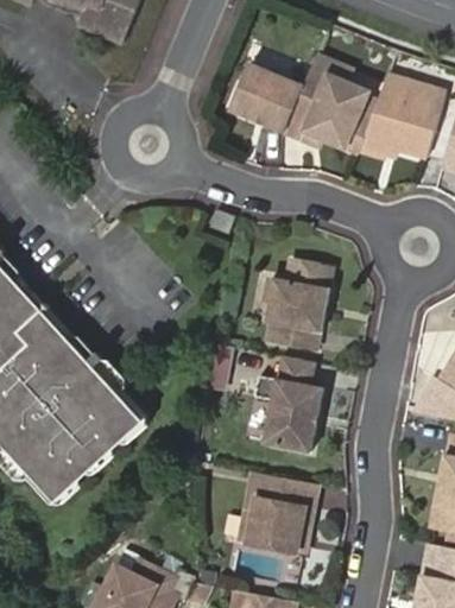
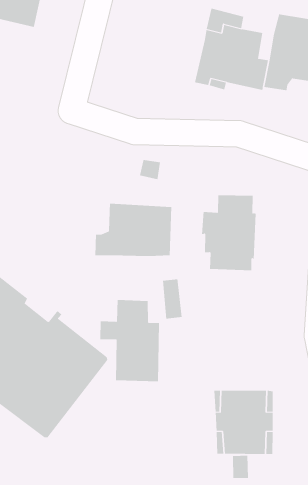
building: [230,66,305,133] -> none
building: none -> [95,203,172,257]
building: [255,354,324,451] -> [100,300,160,382]

